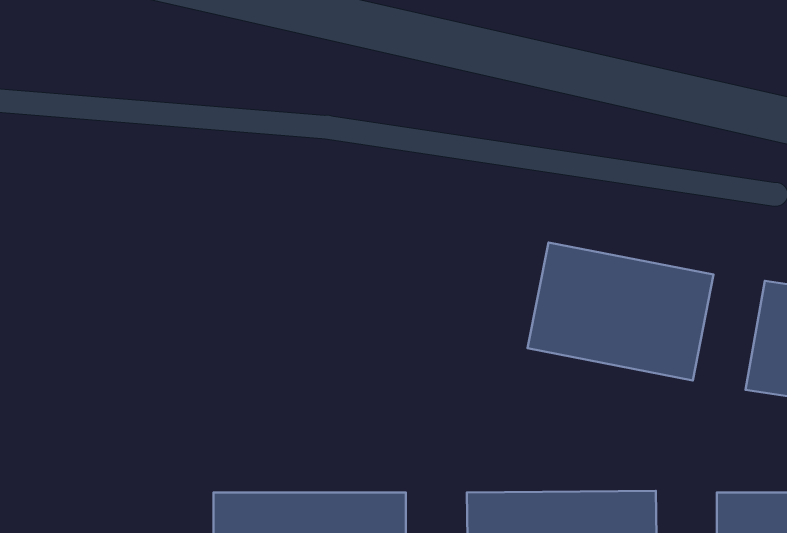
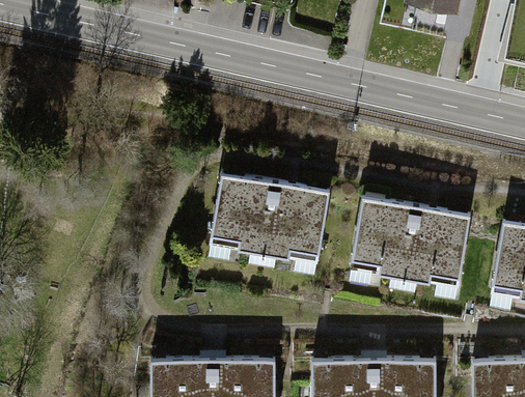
building: none -> [211,174,326,259]

